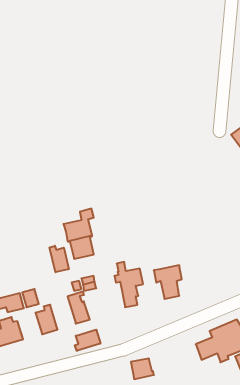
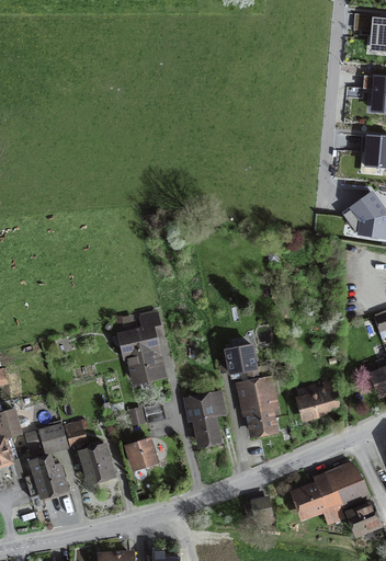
building: none -> [225,345,273,394]
building: [50,246,69,272] -> none
building: none -> [296,379,340,417]
building: [75,330,100,351] -> none
building: [131,359,154,379] -> [243,500,274,527]

